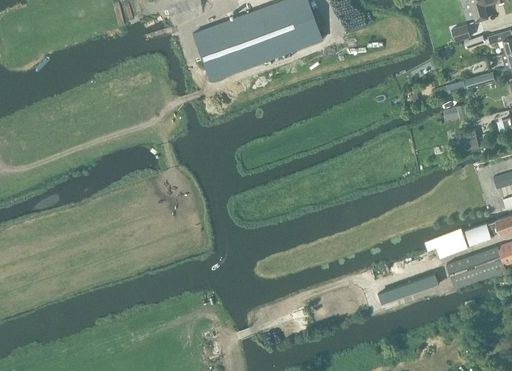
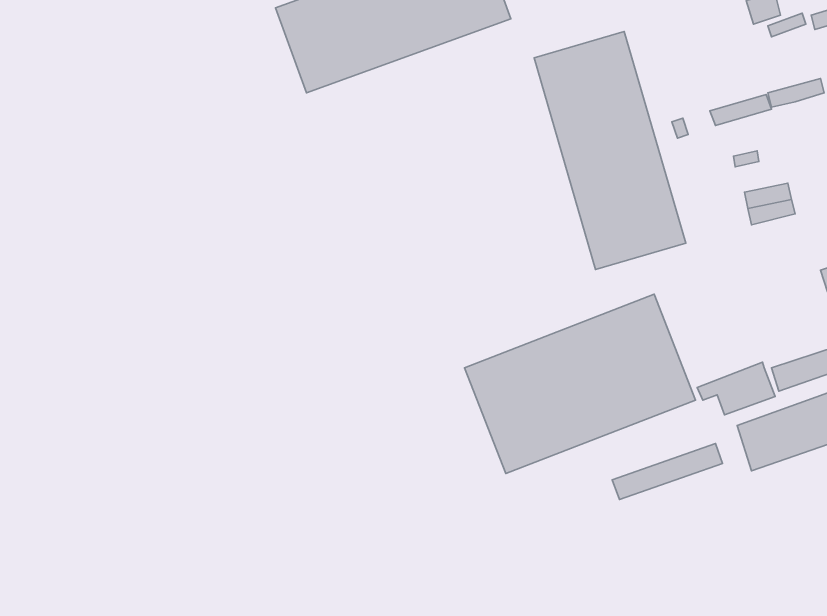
building: none -> [534,31,686,269]
building: none -> [465,294,696,474]

